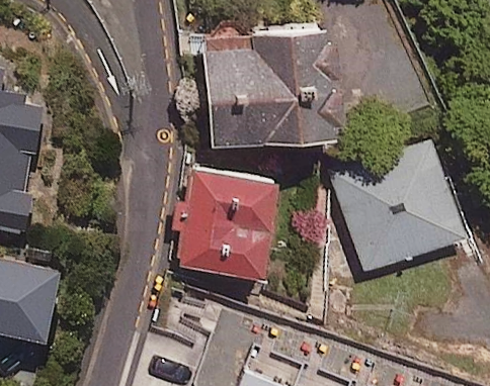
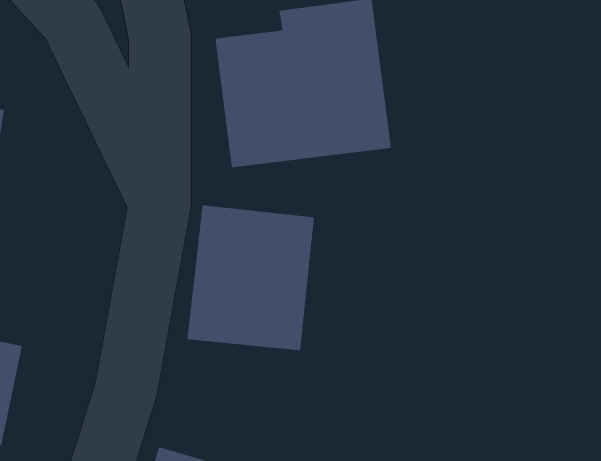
building: [331,140,466,275] -> none

